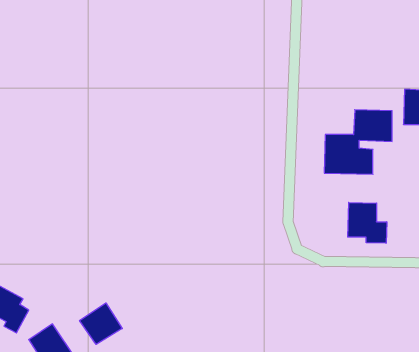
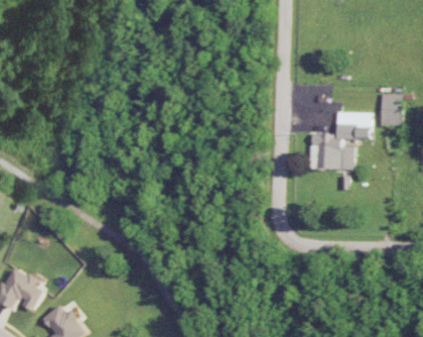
building: [348,202,387,243] -> none
building: [80,303,122,344] -> none

